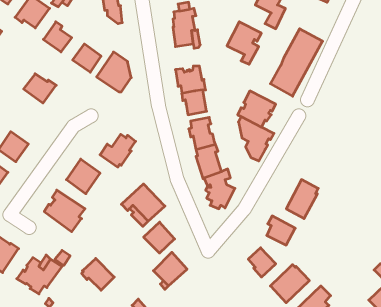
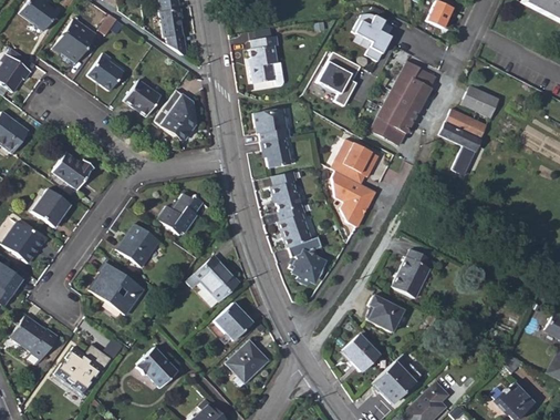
building: none -> [463,85,499,117]
building: none -> [439,107,487,174]
building: [24,74,56,103] -> [53,153,94,189]

